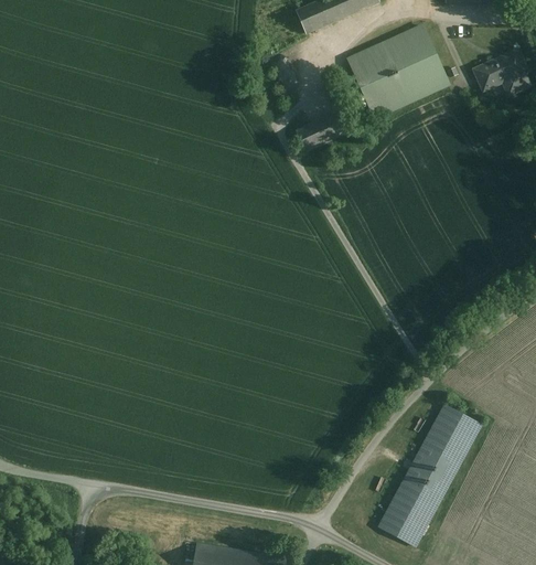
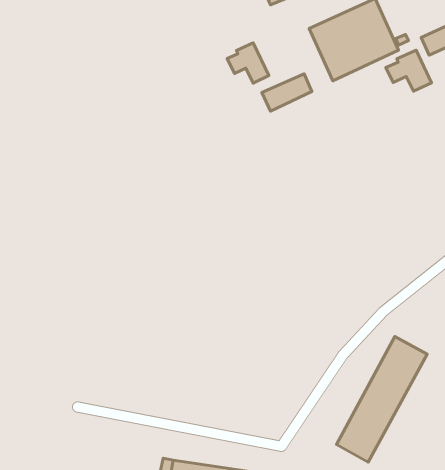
building: none -> [227,43,269,83]
building: none -> [386,50,431,91]

